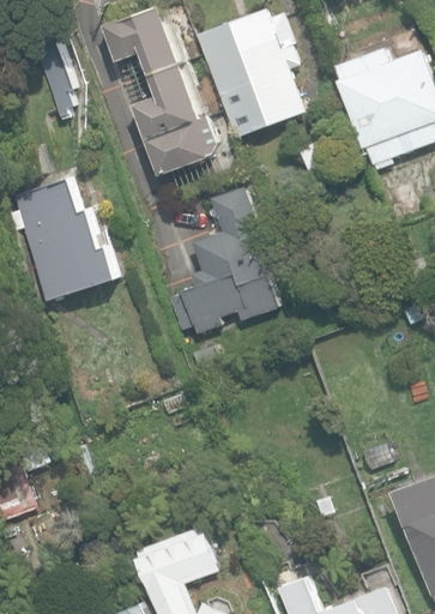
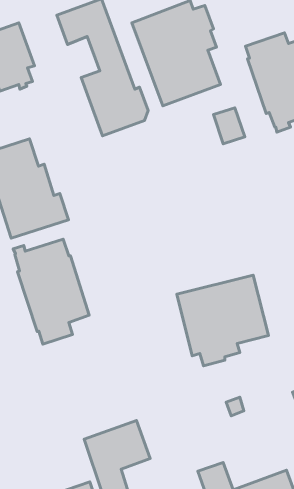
building: [168,186,279,336] -> none
building: none -> [13,239,89,344]
building: none -> [177,275,268,366]

